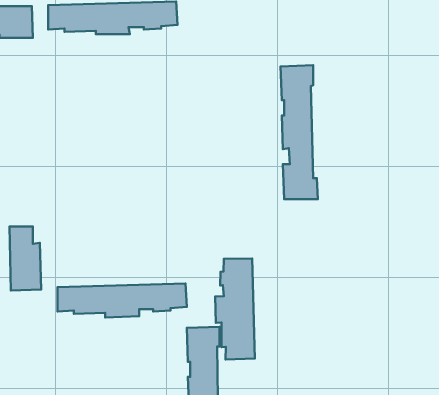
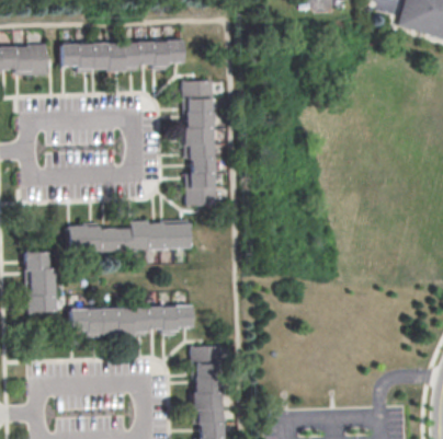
building: [281,65,318,199] -> [183,80,218,206]
building: none -> [67,220,191,252]
building: [215,259,255,360] -> none

